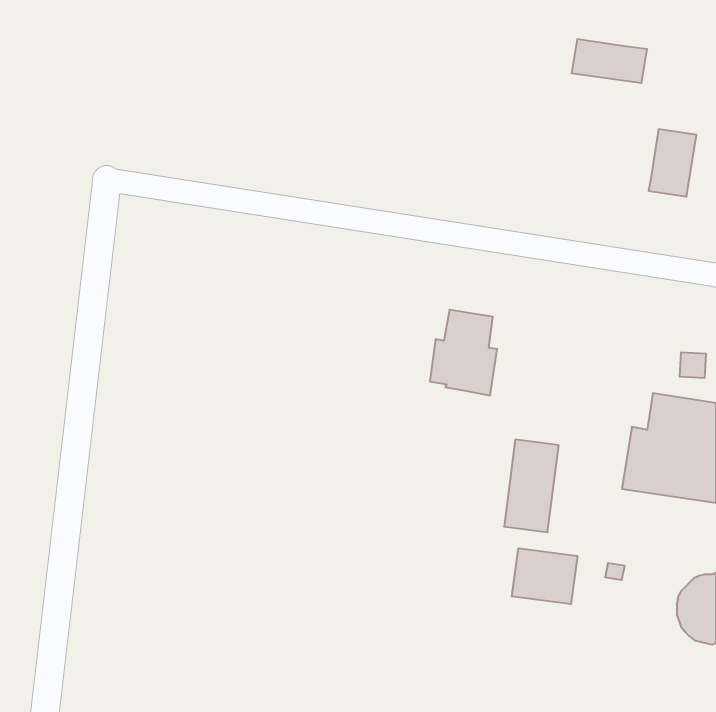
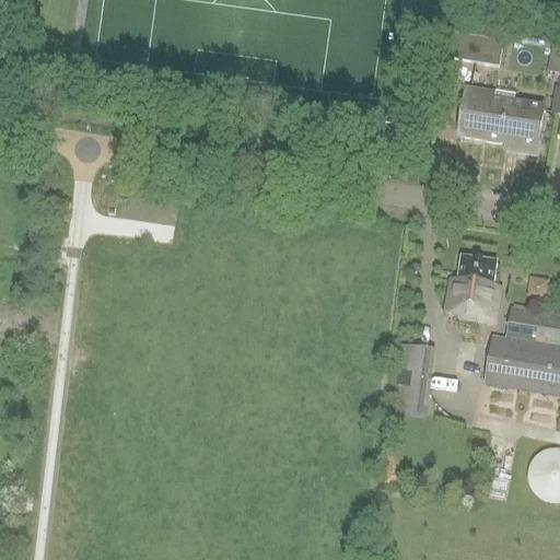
building: none -> [458,86,513,142]
building: [430,310,497,395] -> [446,255,499,322]
building: [512,548,578,604] -> none

